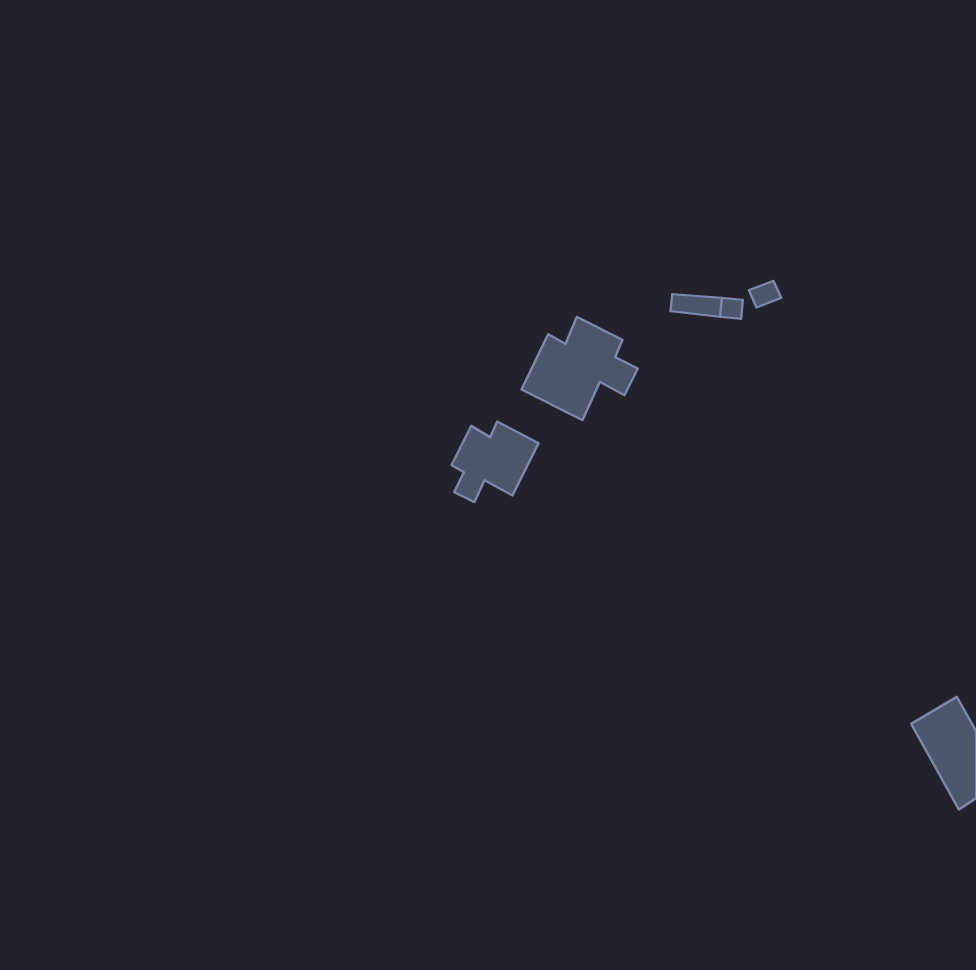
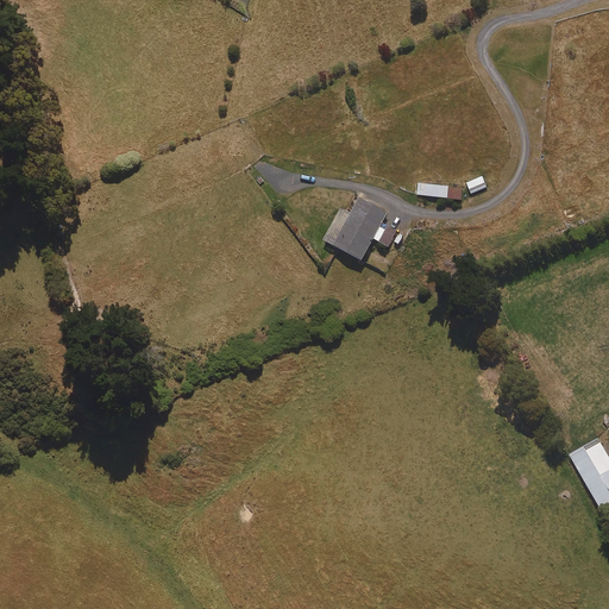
building: [452,422,539,502] -> none

